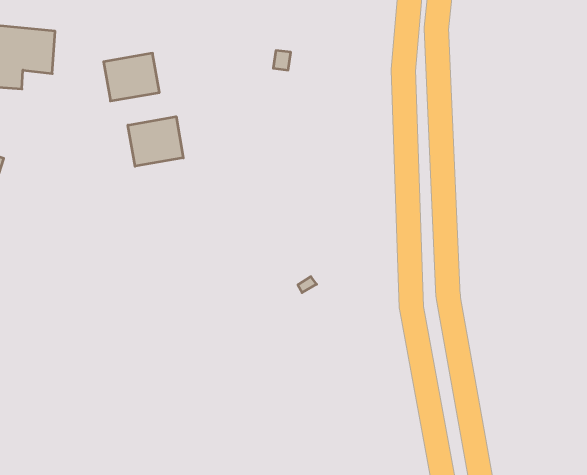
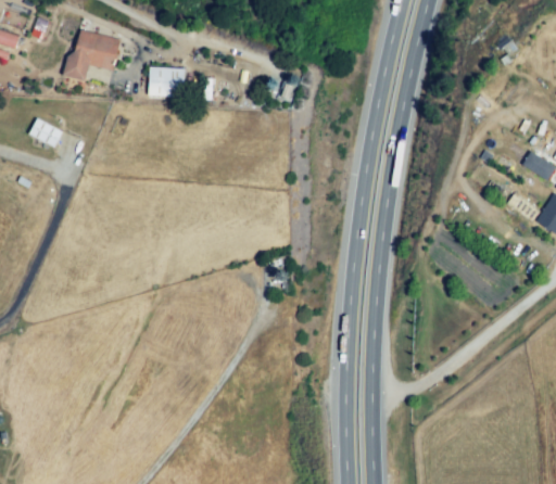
building: [128,117,183,166] -> none

